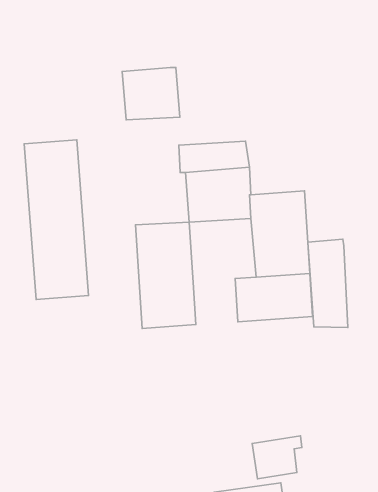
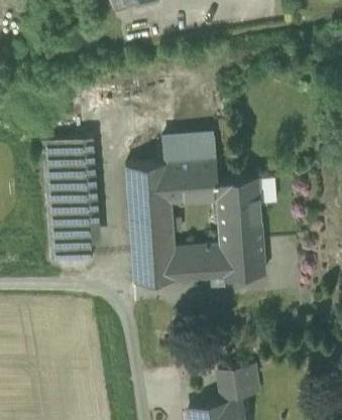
building: [122,68,180,120] -> [126,164,170,204]
building: [308,239,348,328] -> none
building: none -> [174,246,208,281]

